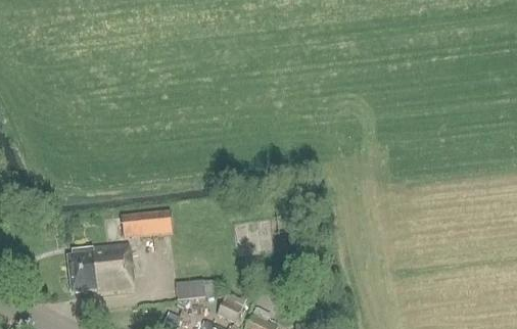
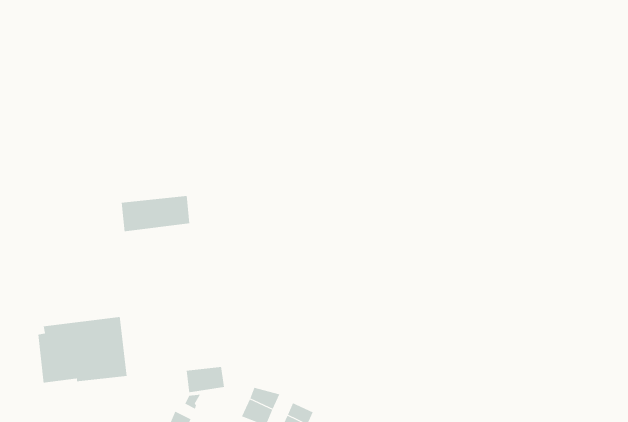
building: [121,208,172,235] -> [121,196,190,232]

